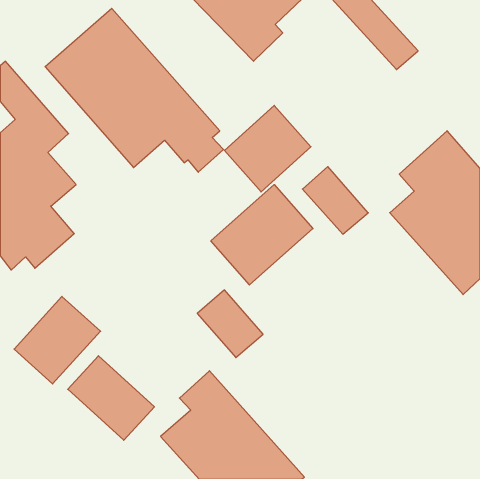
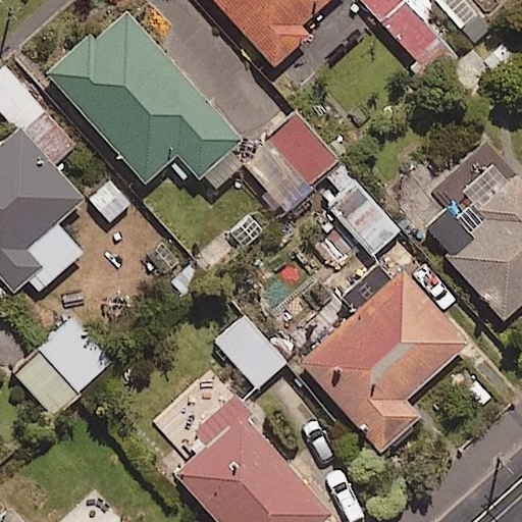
building: [211,185,313,285] -> none
building: none -> [300,272,465,452]
building: [68,356,154,440] -> none

